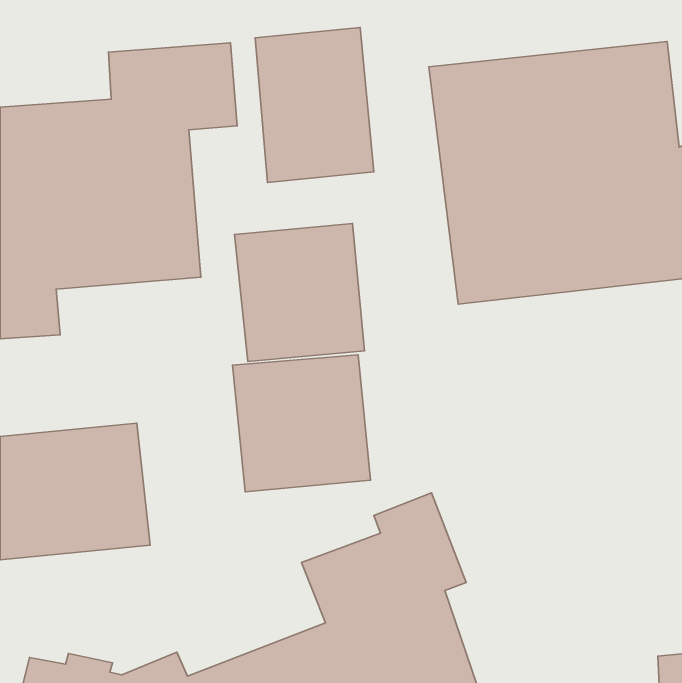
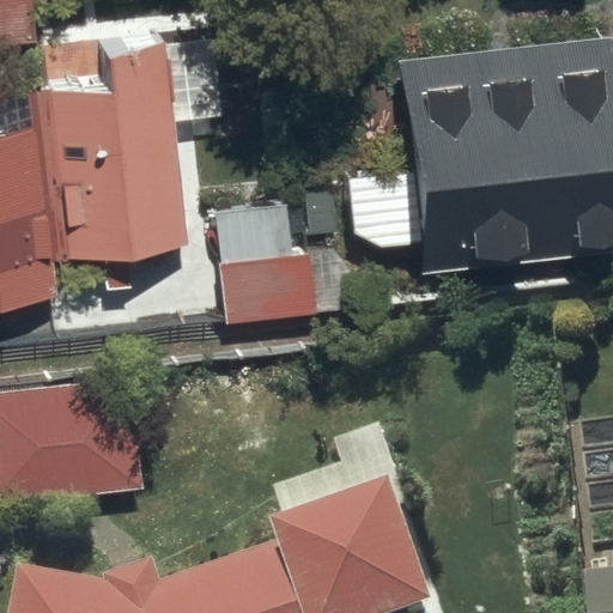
building: [255,28,374,182] -> none
building: [233,355,370,492] -> none

